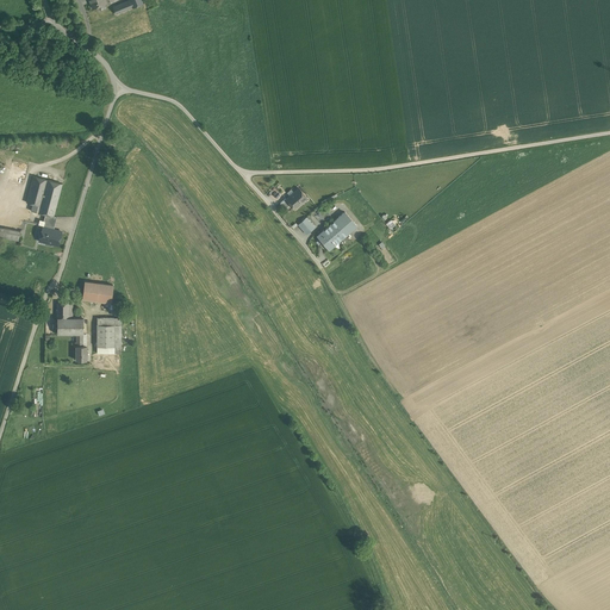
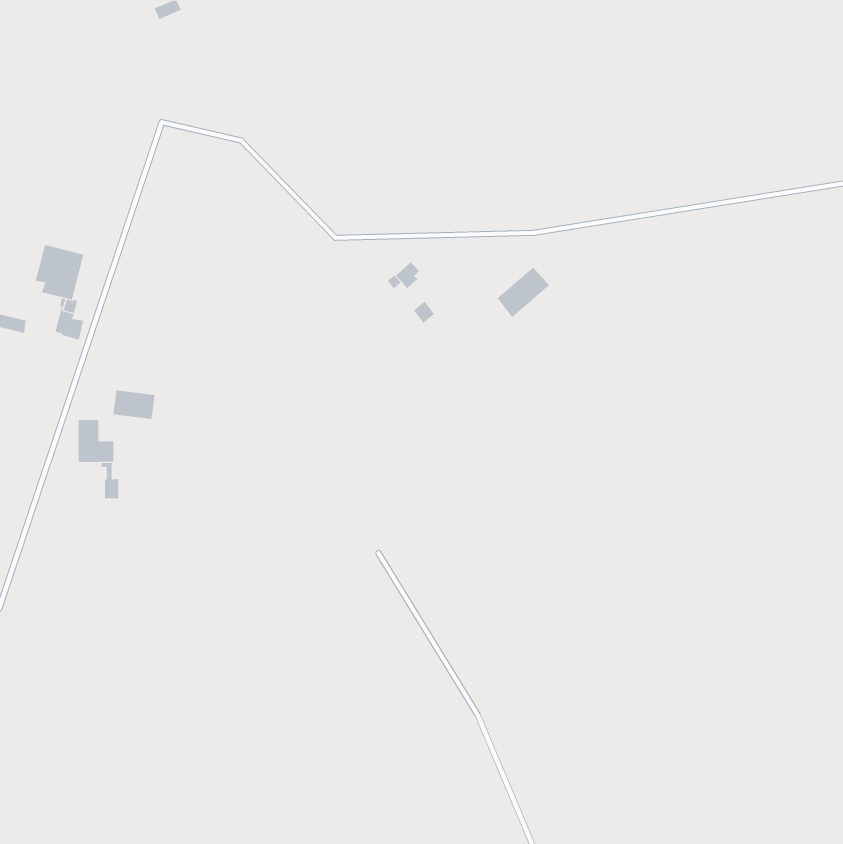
building: [317,212,355,249] -> [497,267,550,318]
building: [97,318,119,347] -> none

